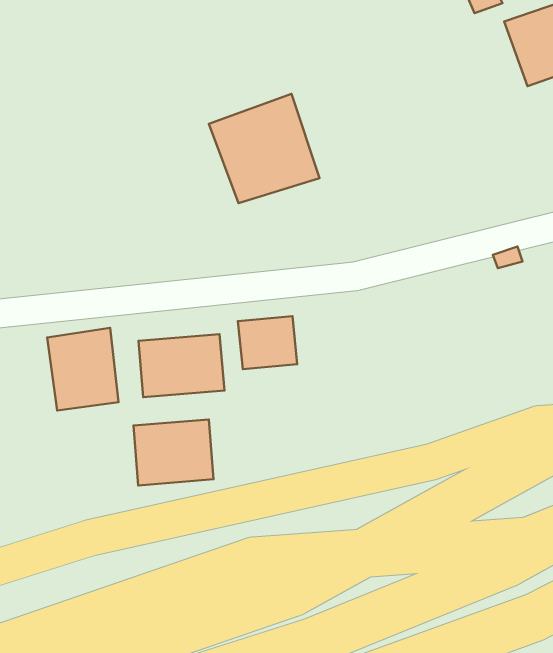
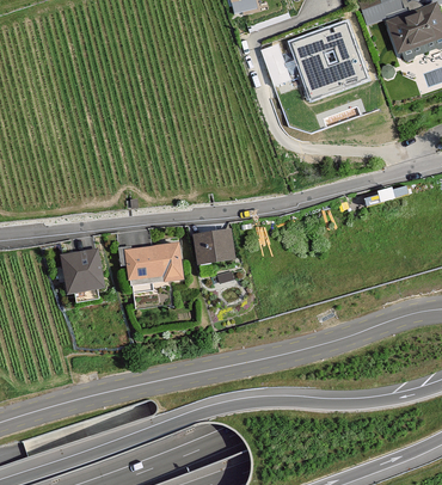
building: [209,94,320,203] -> [287,14,367,93]
building: [134,419,213,485] -> none

